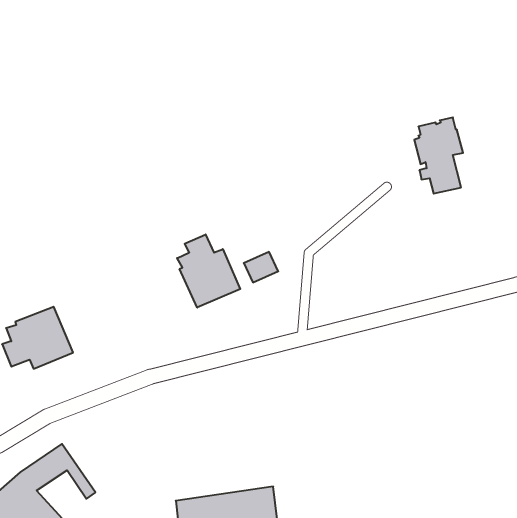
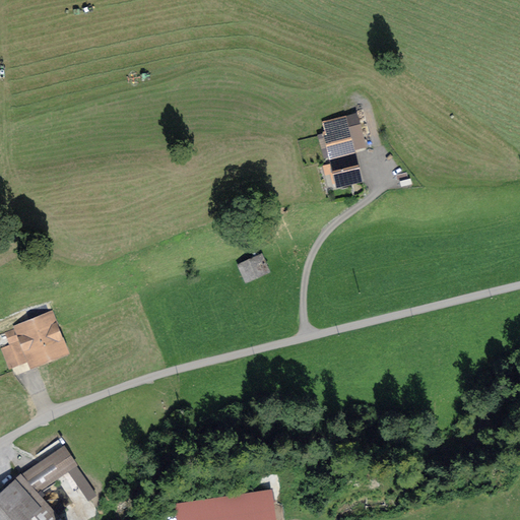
building: [414,117,463,194] -> [313,115,362,191]
building: [177,234,240,308] -> none

